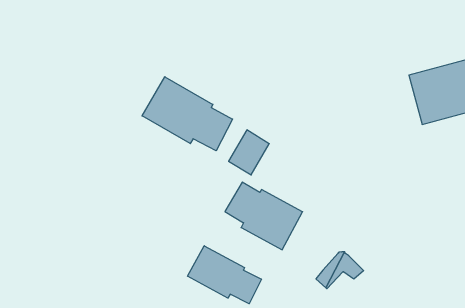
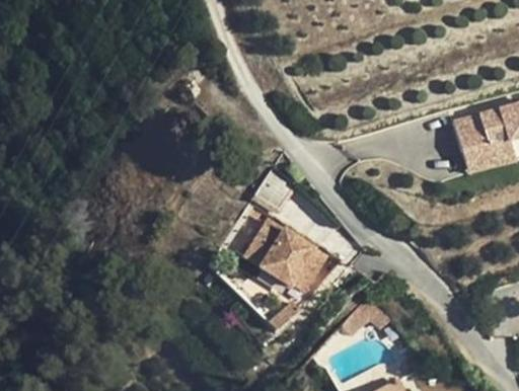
building: [142,77,233,151] -> none
building: [188,246,261,304] -> none

